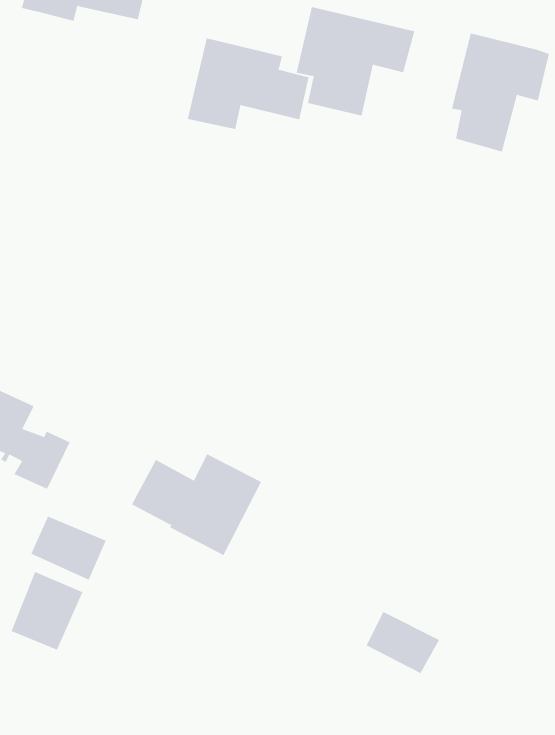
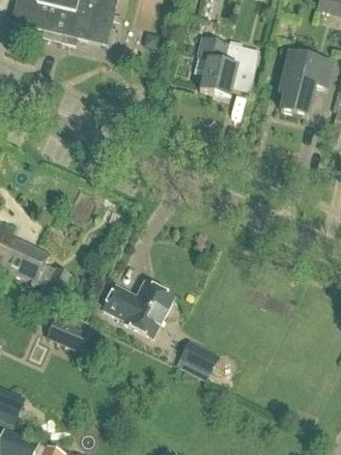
building: [187,37,309,130] -> none
building: [11,571,83,651] -> none
building: [366,611,440,674] -> [180,338,221,372]

